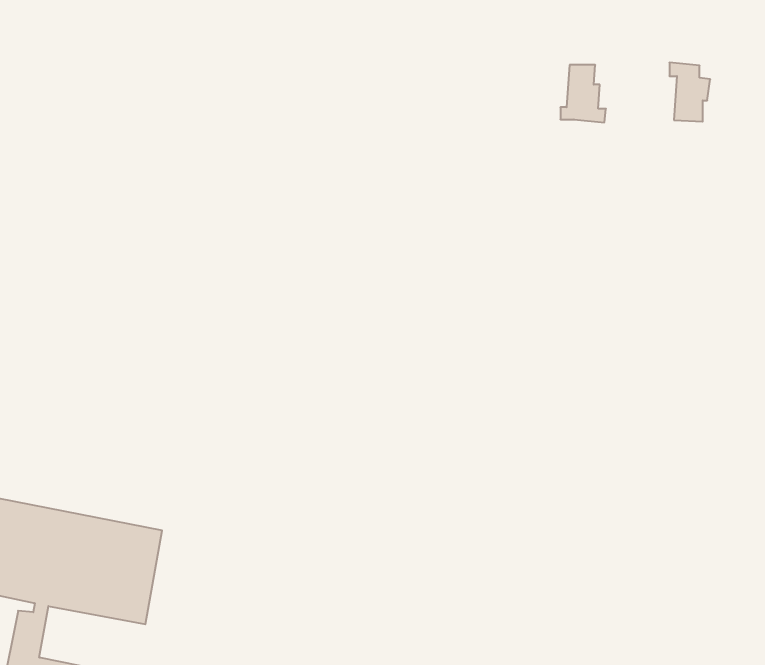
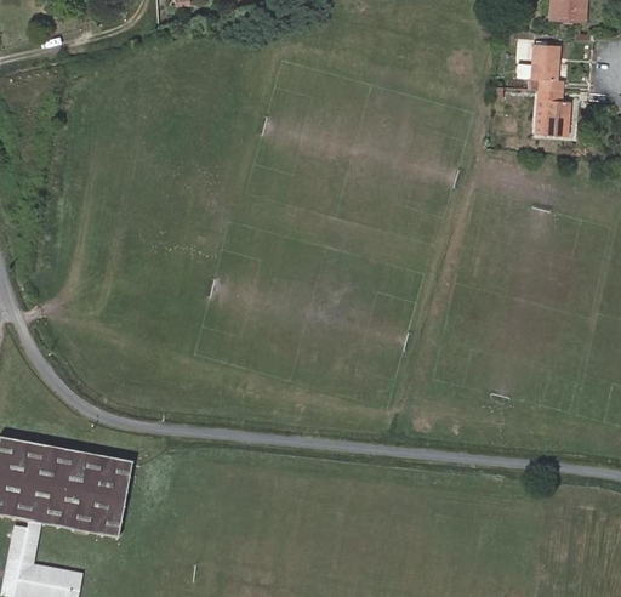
building: [560,65,606,122] -> [526,44,563,90]

